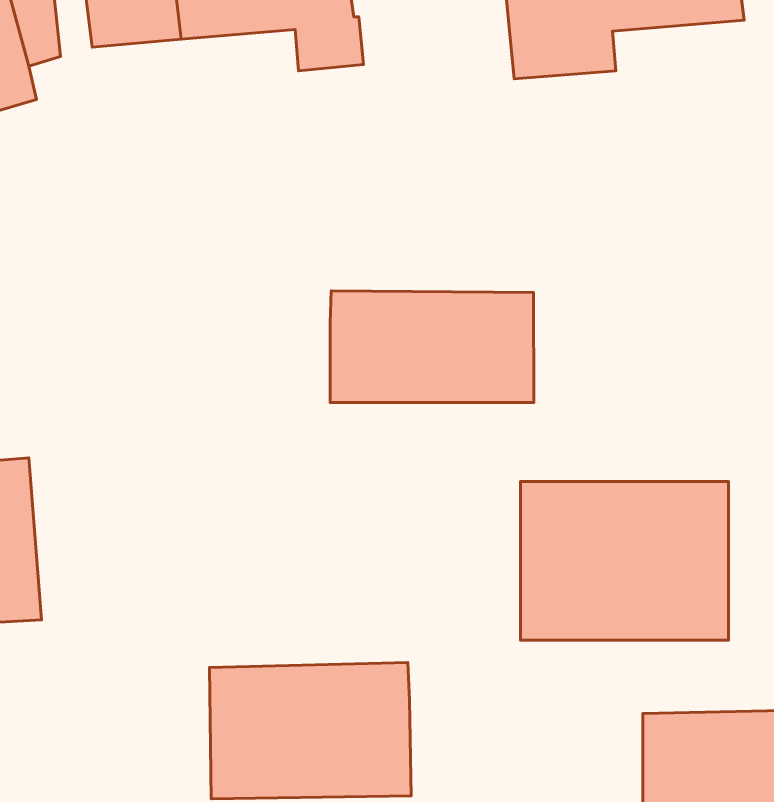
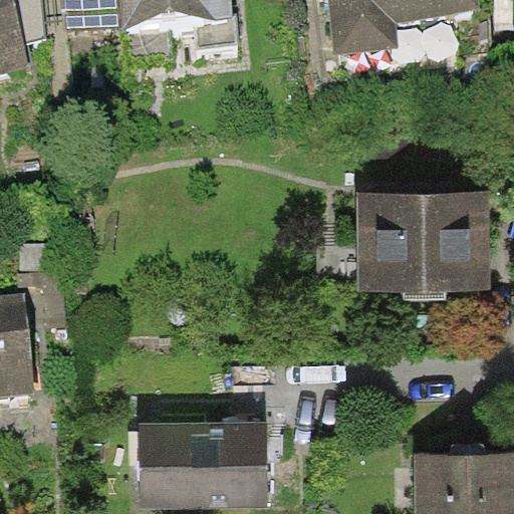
building: [330,291,534,402] -> none
building: [521,482,728,640] -> [357,193,489,293]

